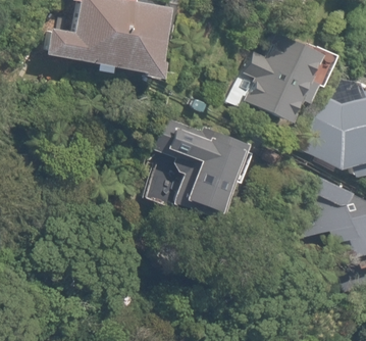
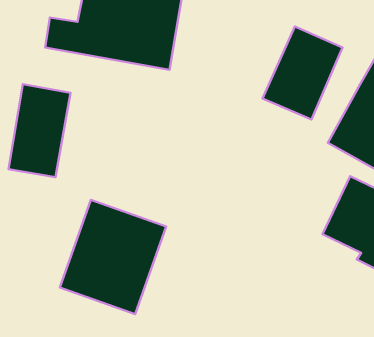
building: none -> [9,84,71,177]
building: [144,119,242,225] -> [60,200,166,314]

